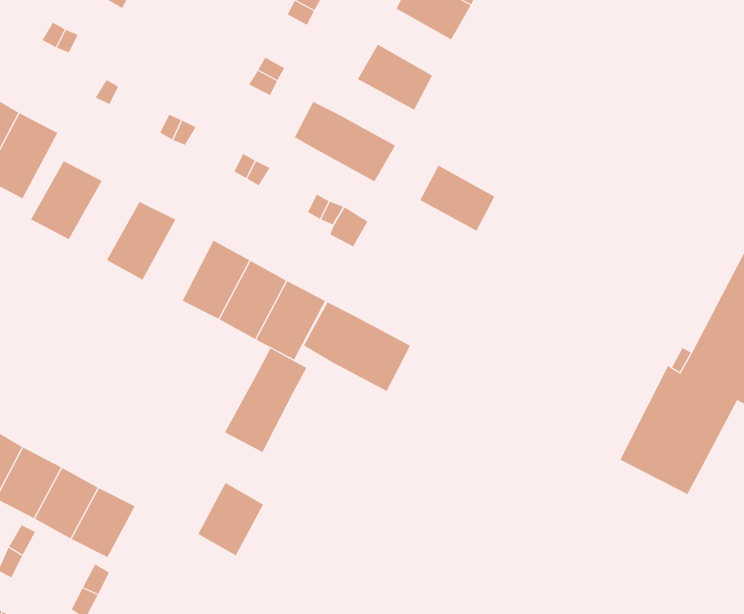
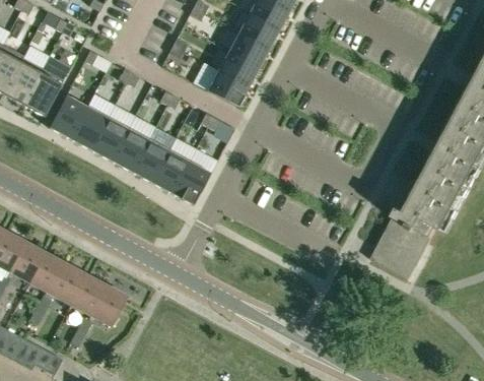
building: none -> [238,11,279,48]
building: none -> [69,92,115,149]
building: [420,165,495,232] -> [217,50,259,86]
building: [303,301,411,392] -> none
building: [224,347,307,453] -> [110,114,155,172]
building: [197,482,264,556] -> [90,284,127,325]

